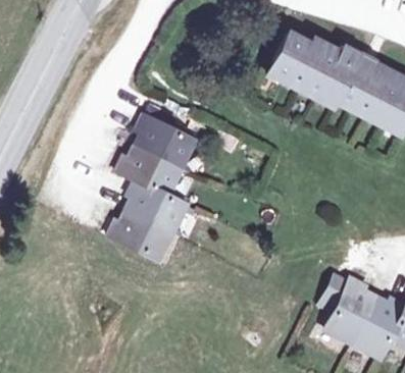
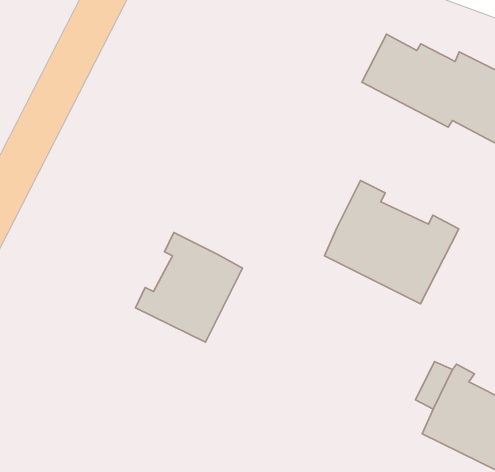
building: [115,116,195,198] -> none
building: none -> [324,181,459,304]

